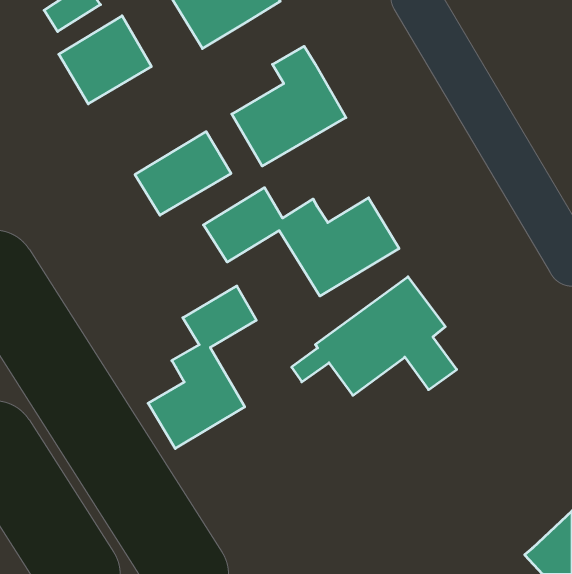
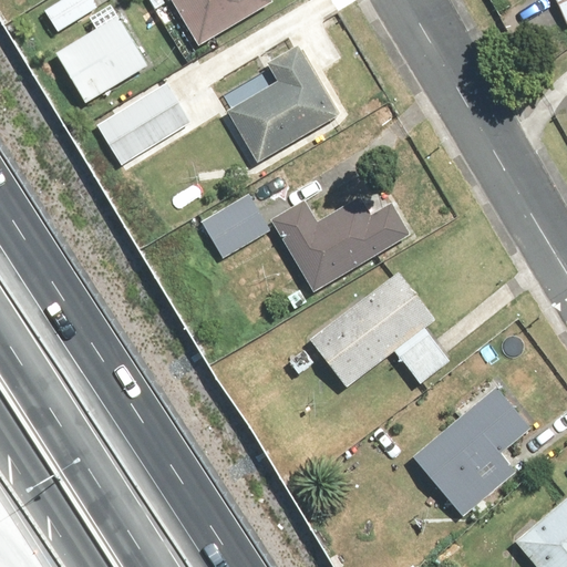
building: [135,132,231,215] -> [96,82,190,164]
building: [148,286,256,449] -> none
building: none -> [410,385,528,516]

